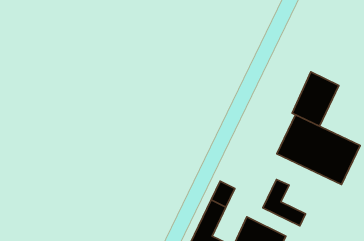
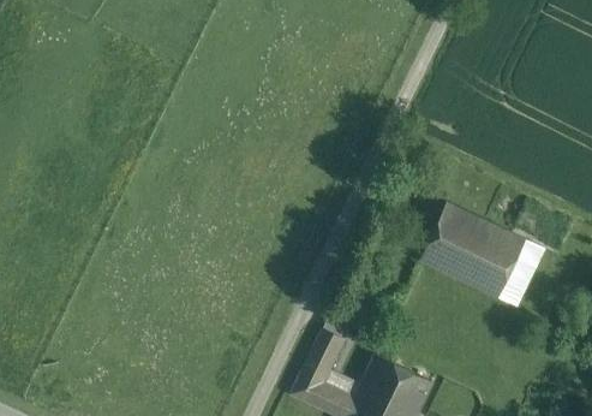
building: [292,72,339,126] -> none
building: [263,179,305,226] -> none

